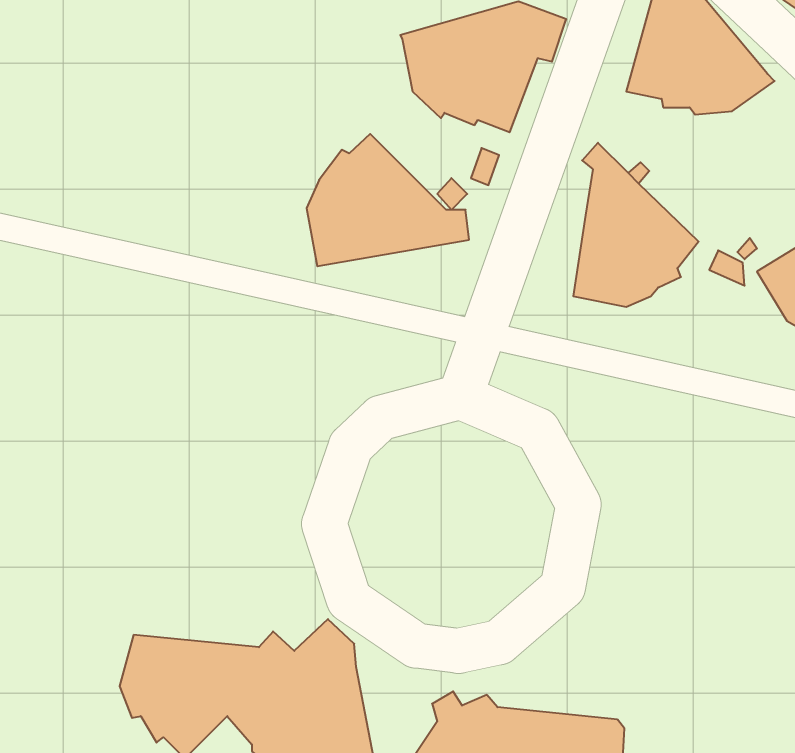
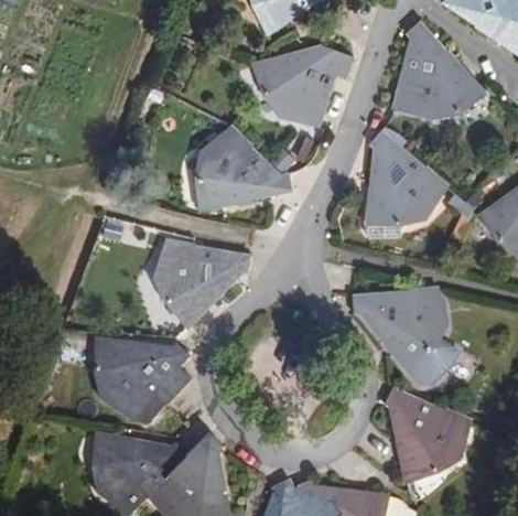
building: none -> [159,232,252,327]
building: none -> [349,297,443,379]
building: none -> [89,338,194,418]
building: none -> [380,390,466,483]

